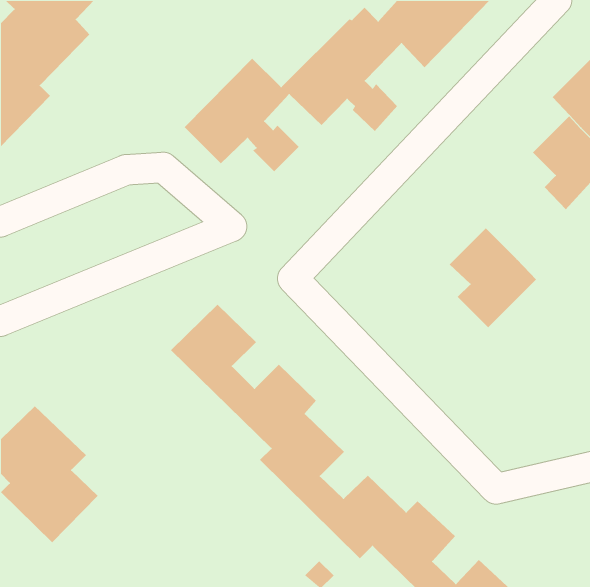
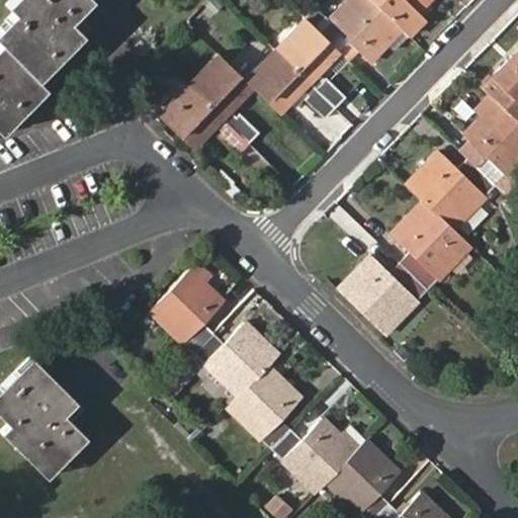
building: none -> [409,154,507,230]
building: none -> [341,255,428,333]

